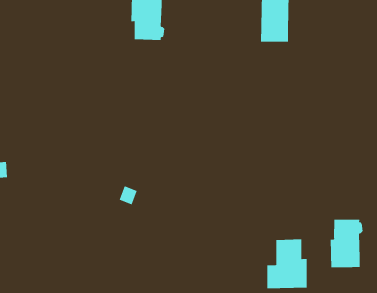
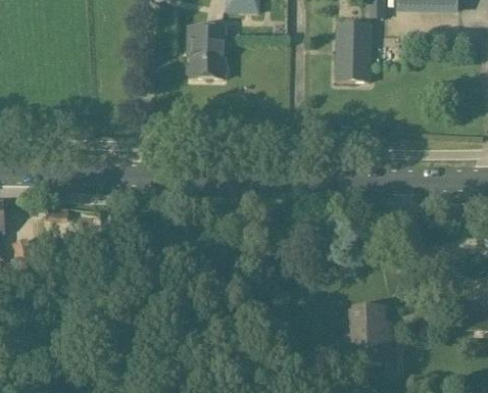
building: [330,219,363,268] -> none

